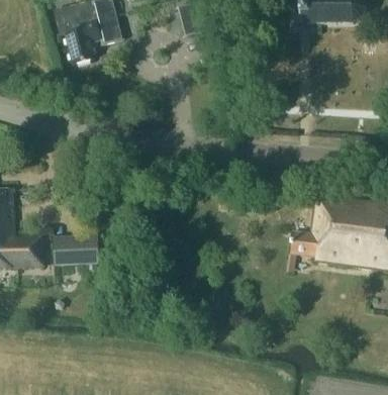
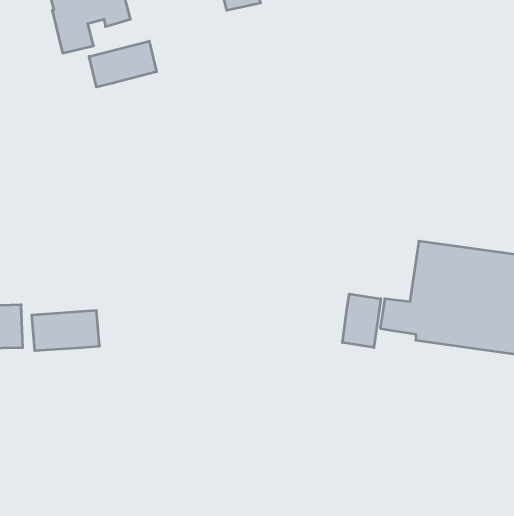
building: none -> [89,41,157,87]
building: none -> [342,294,381,348]

